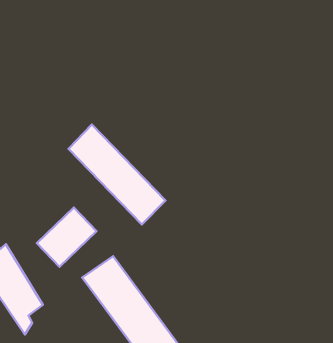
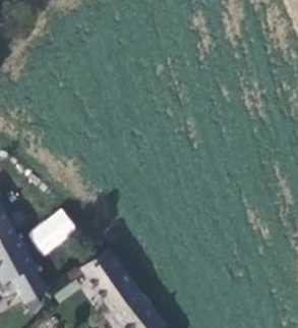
building: [68,125,165,225] -> none

